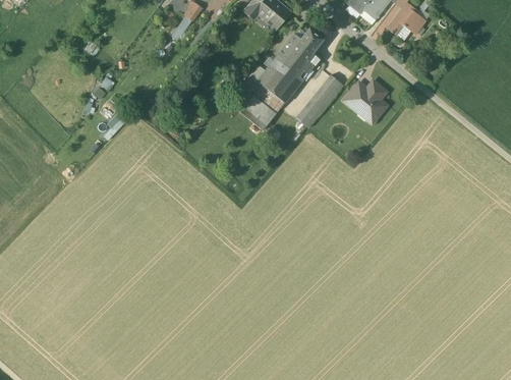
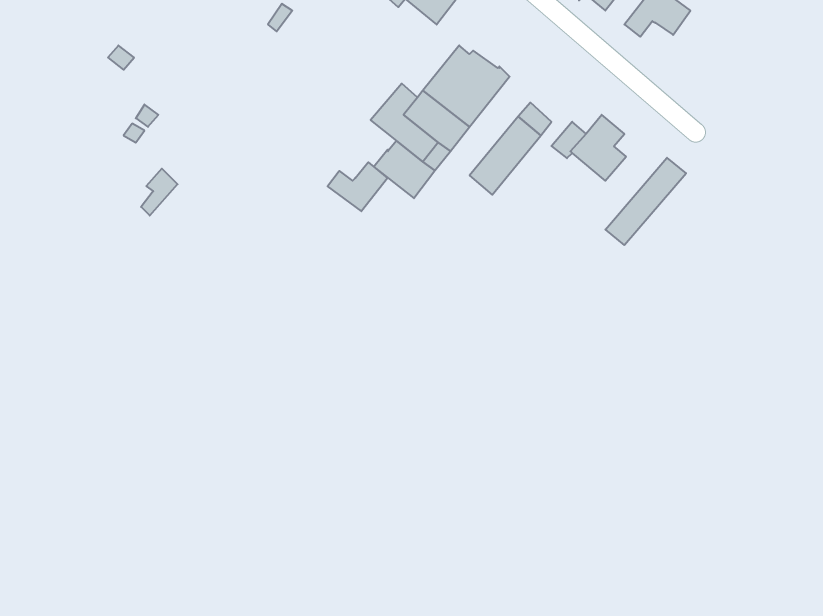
building: [290,28,324,53] -> none
building: none -> [605,158,686,245]
building: none -> [328,162,387,211]

